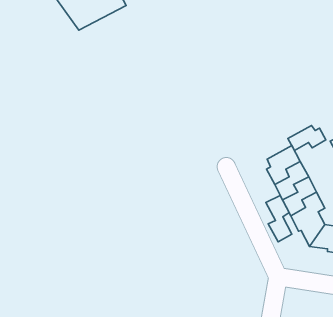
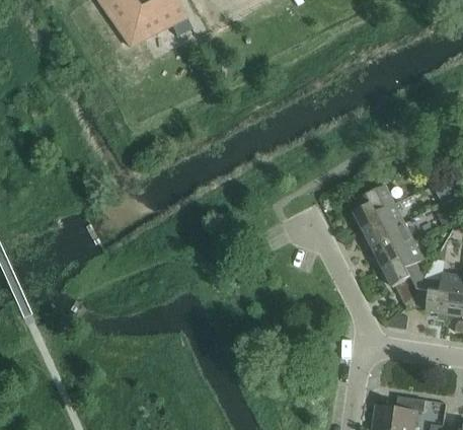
building: [288,125,326,150] -> none
building: [266,195,292,242] -> none

